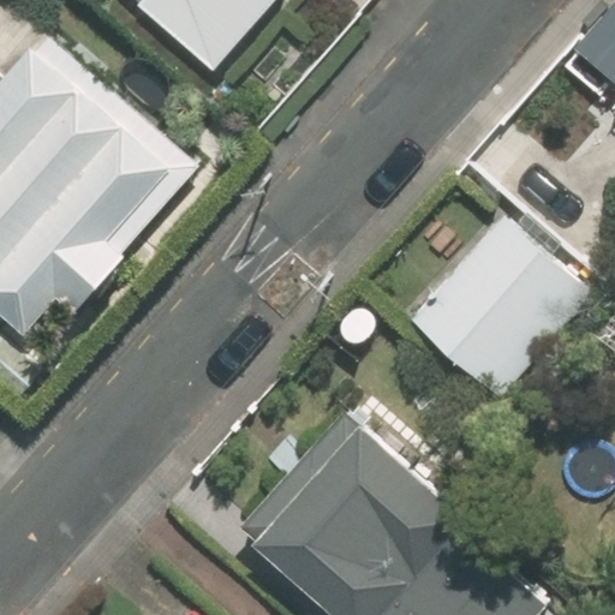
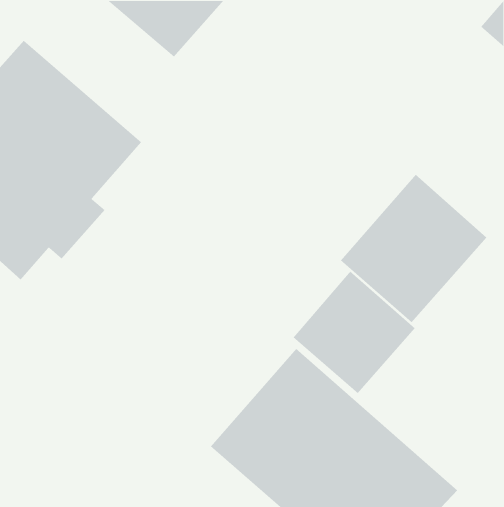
building: none -> [292,271,416,394]

